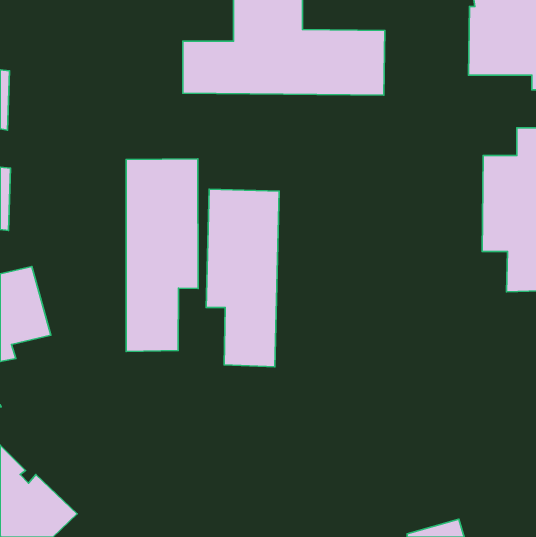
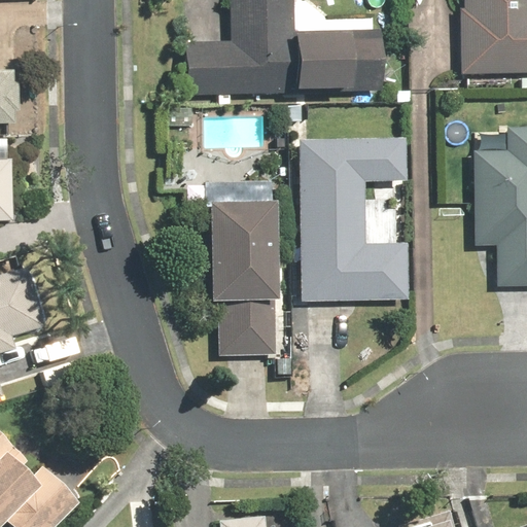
building: none -> [298,138,410,302]
building: [126,159,198,351] -> none

